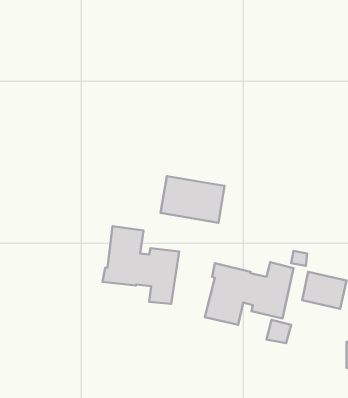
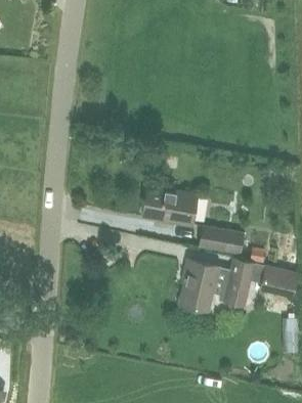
building: none -> [197,224,244,254]
building: [103,226,179,304] -> none

